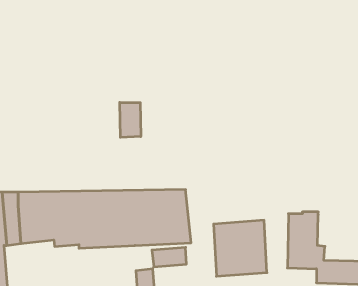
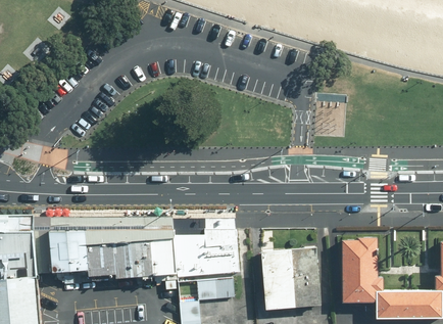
building: [120,102,141,137] -> none

